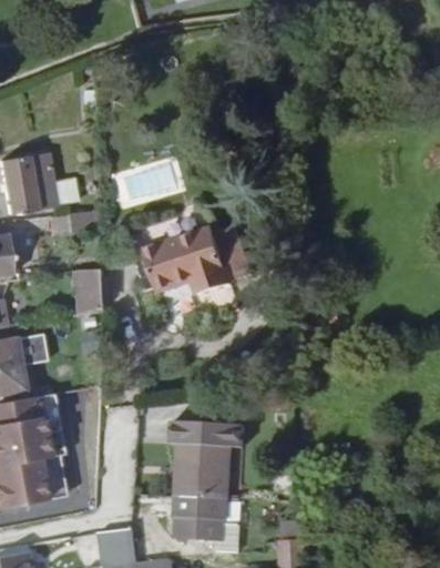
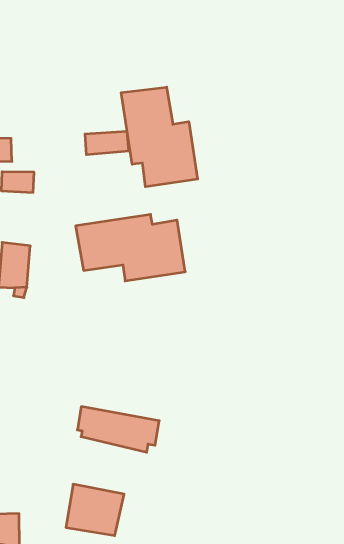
building: none -> [121,87,198,187]
building: [178,445,242,491] -> none

